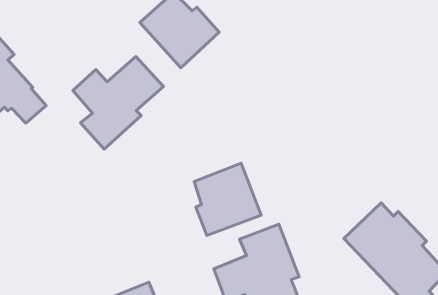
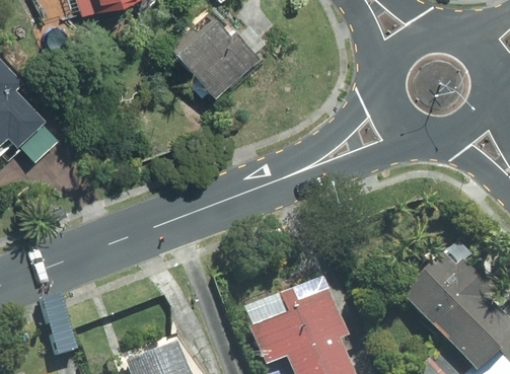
building: [73,57,163,149] -> none
building: [194,163,261,235] -> none

